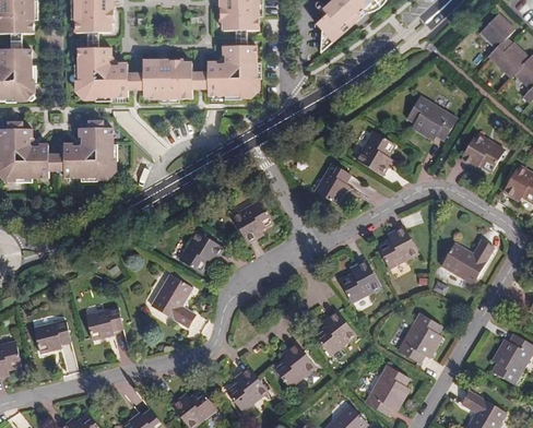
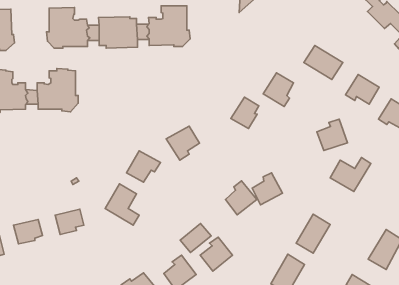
building: [377,230,416,271] -> [317,119,347,150]
building: [315,311,355,355] -> [225,181,257,215]
building: none -> [180,223,211,252]

